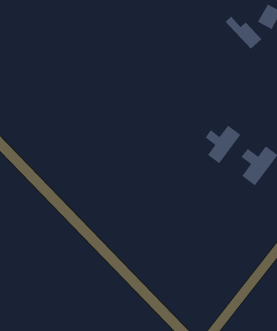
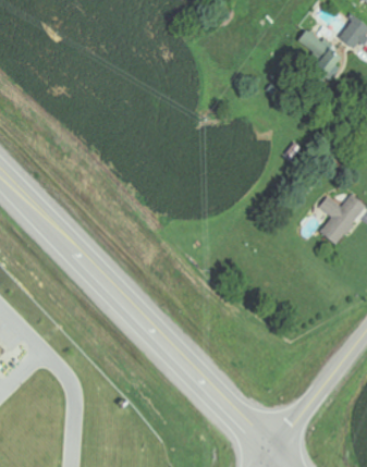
building: [205,125,241,164] -> none

